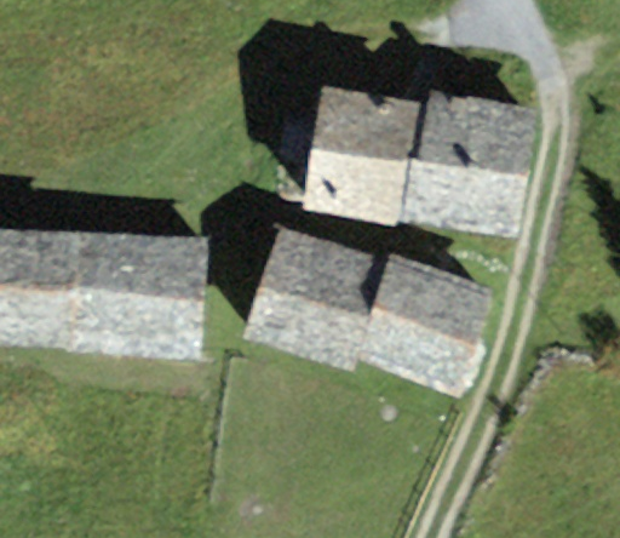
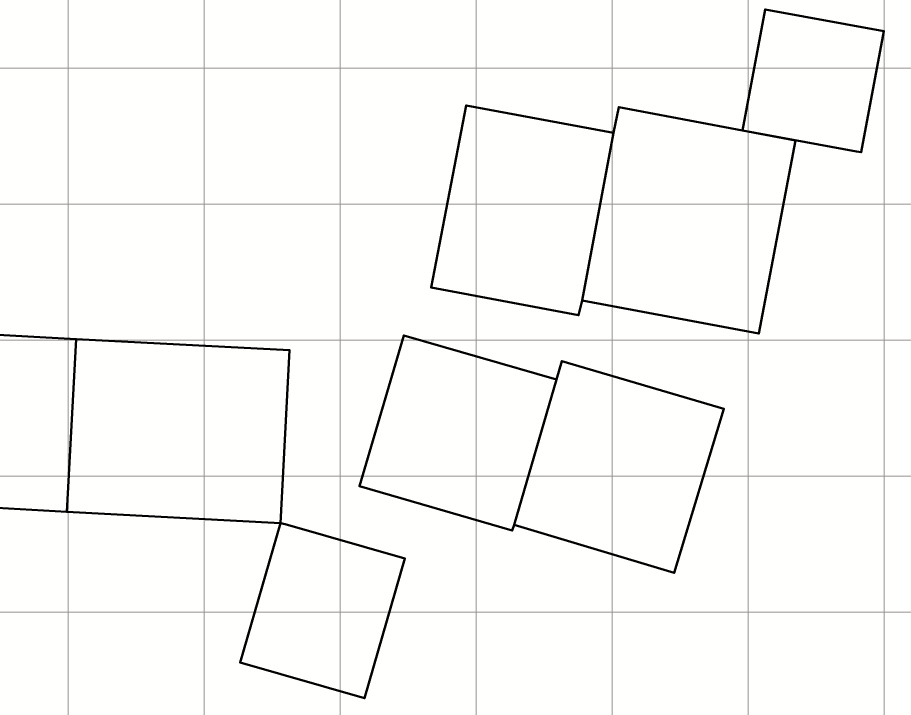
building: none -> [743,9,884,152]
building: none -> [240,523,405,698]

